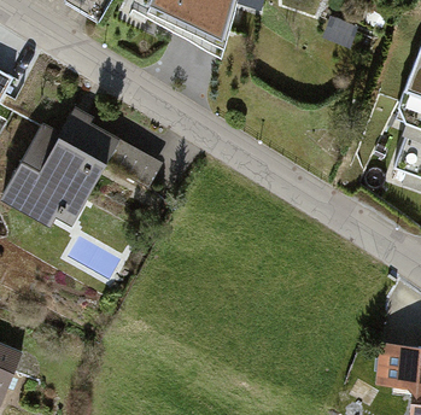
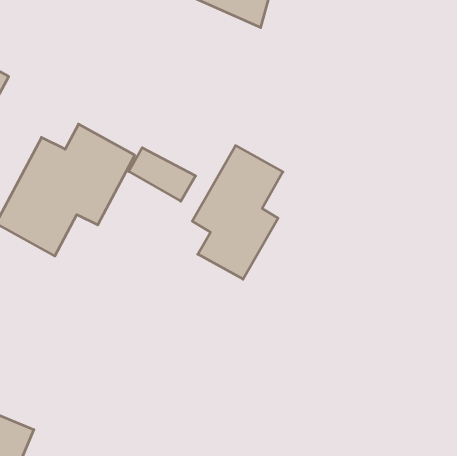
building: none -> [192,146,283,279]

